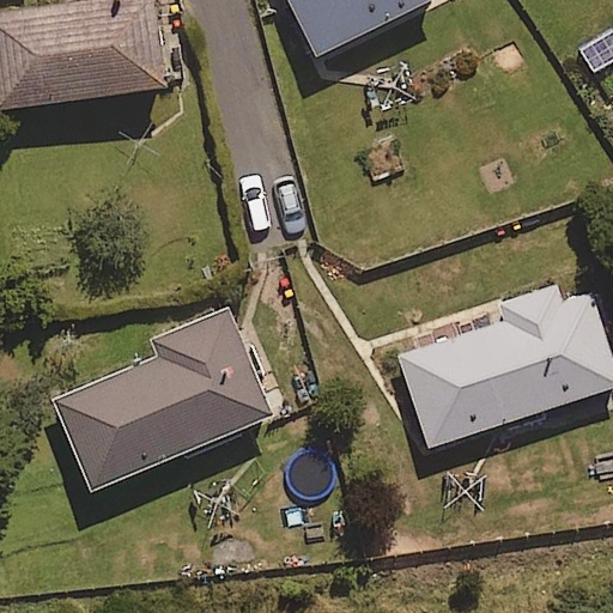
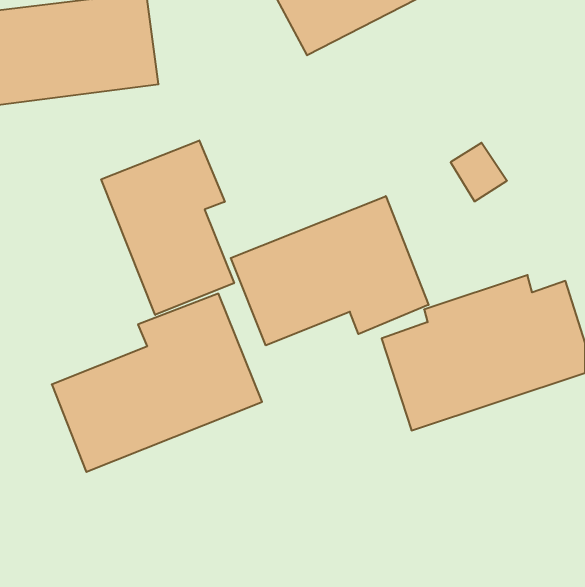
building: none -> [101,140,234,315]
building: none -> [231,196,429,345]

